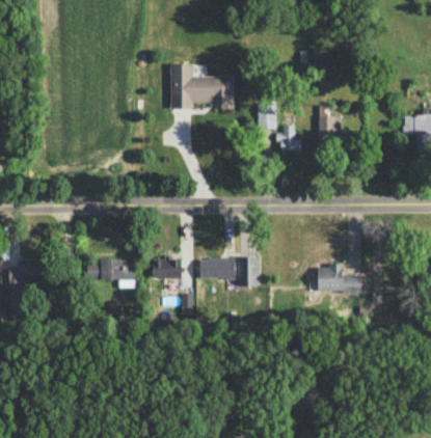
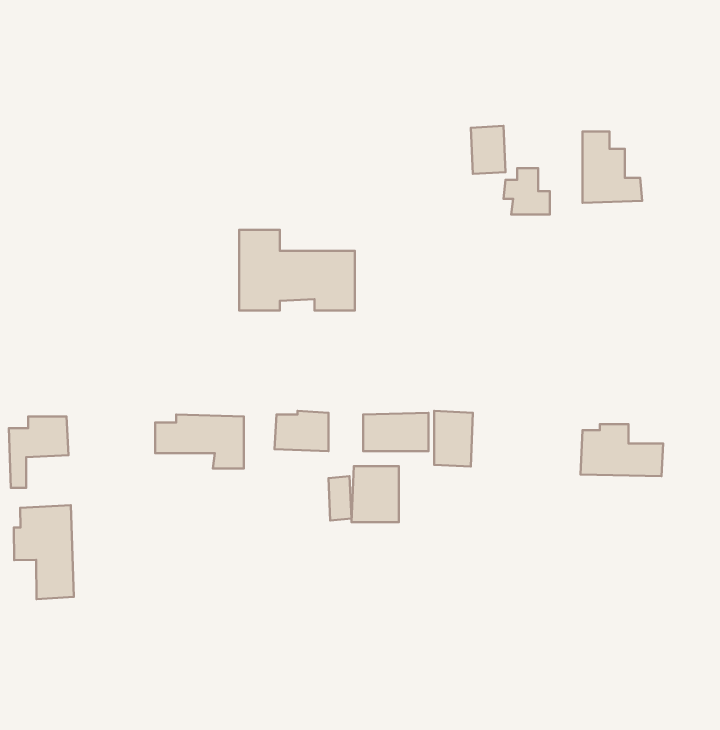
building: [171,64,234,108] -> [239,230,355,311]
building: none -> [352,466,399,522]
building: none -> [14,505,74,599]

